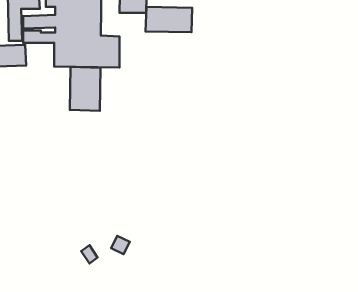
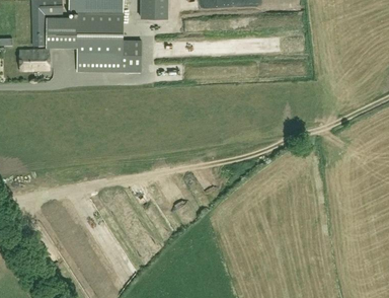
building: [146,7,192,32] -> none
building: [70,67,100,111] -> none

